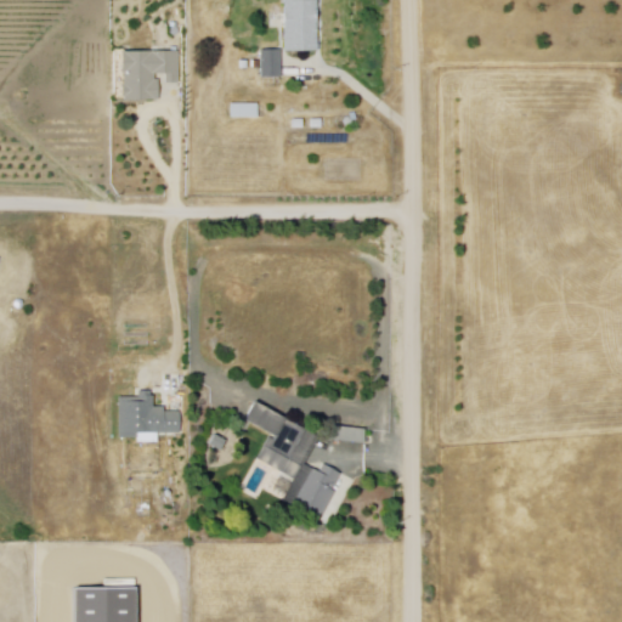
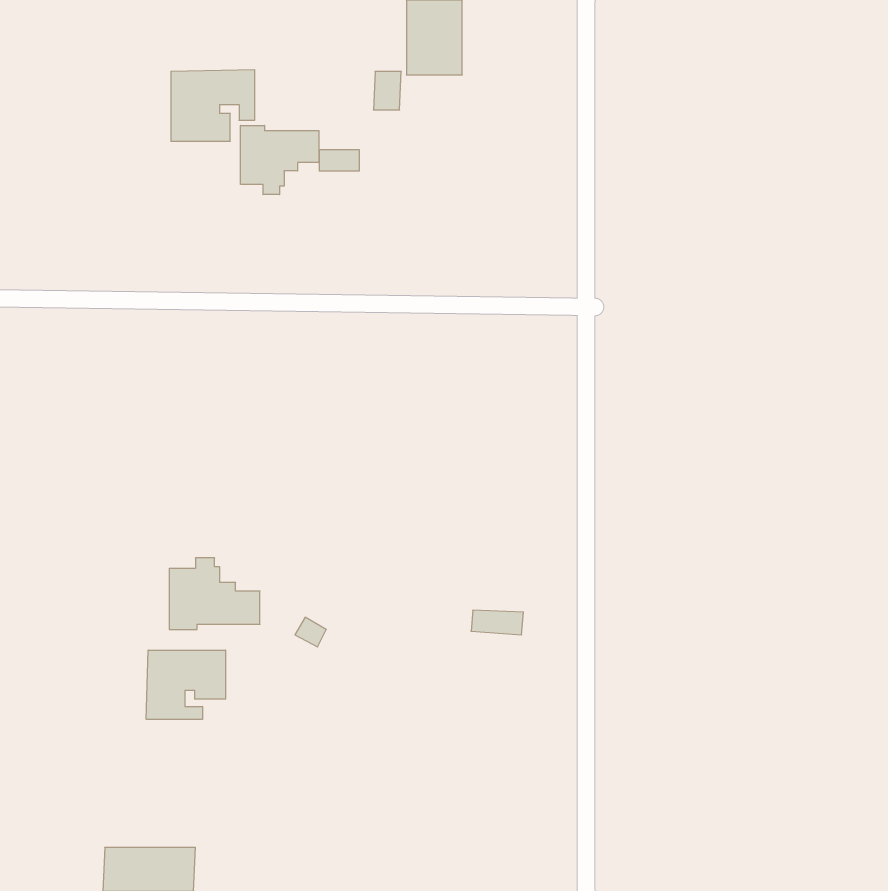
building: none -> [241,125,319,195]
building: [242,397,341,521] -> none
building: none -> [146,650,226,719]

